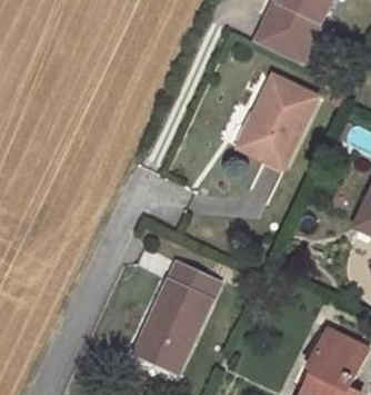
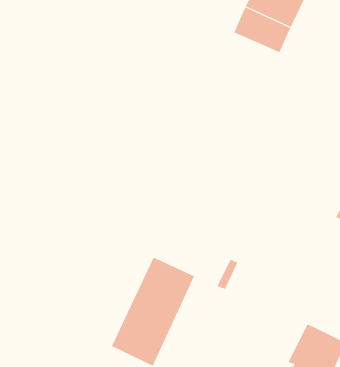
building: [238,77,314,167] -> none

